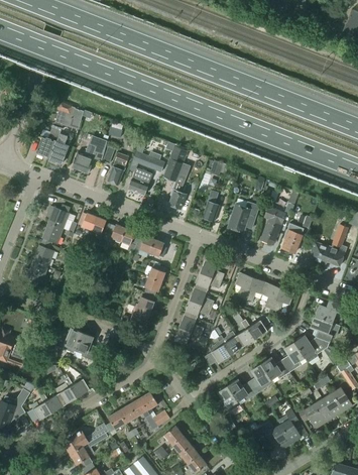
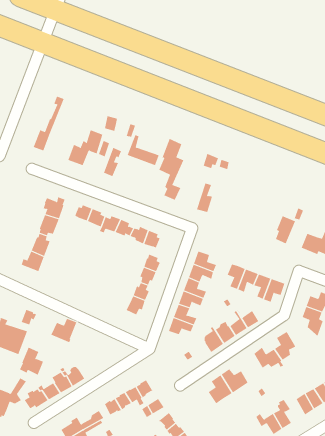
building: [46,105,83,165] -> none
building: [127,168,151,195] -> none
building: [228,202,259,232] -> none
building: [259,204,292,245] -> none
building: [72,333,97,362] -> [19,347,44,375]
building: [294,336,326,364] -> none
building: [248,365,272,396] -> none

